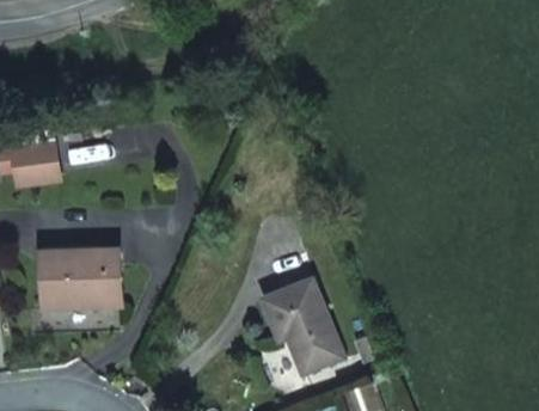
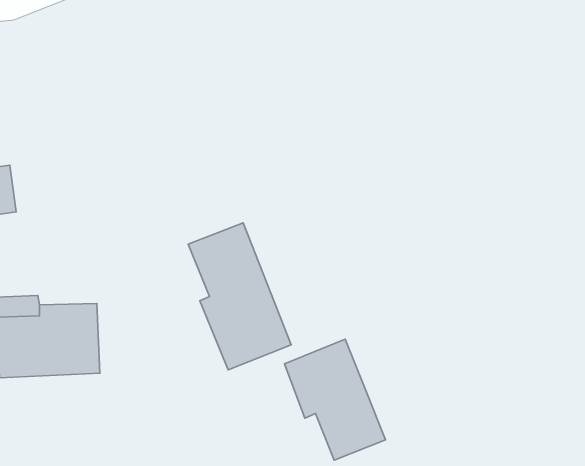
building: none -> [188,223,291,370]

